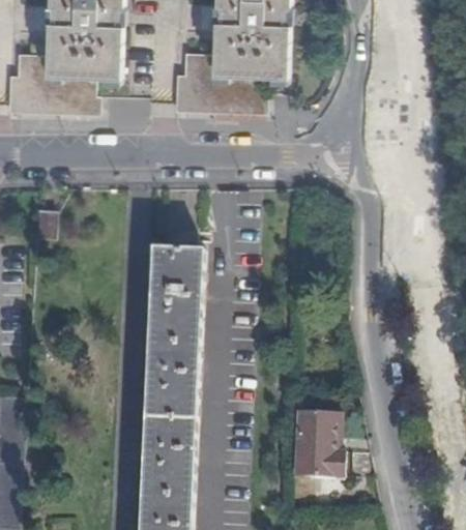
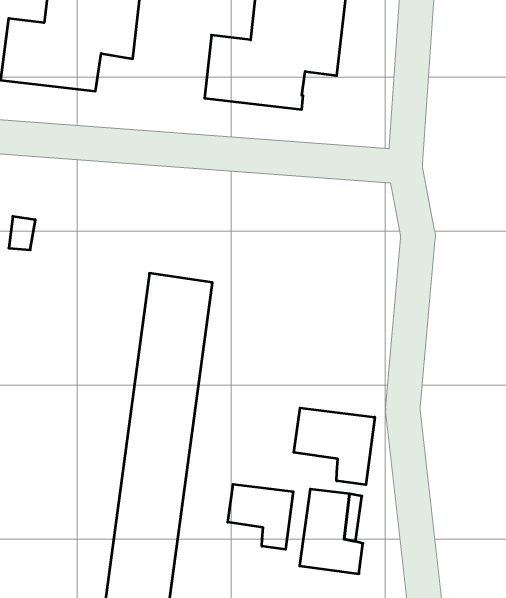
building: none -> [294,408,375,485]
building: none -> [228,484,293,549]

